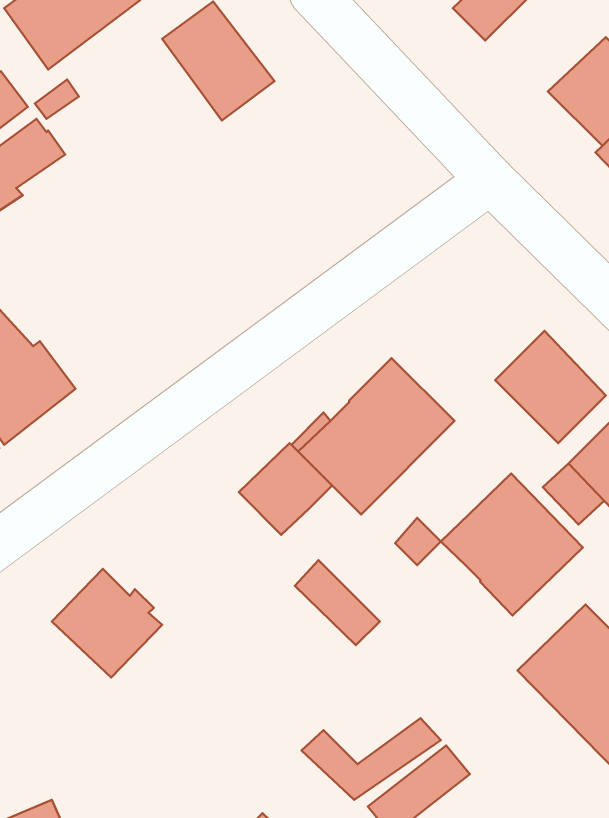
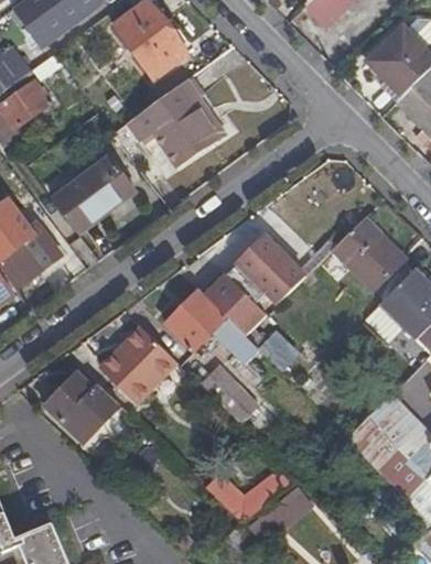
building: none -> [126,80,224,167]
building: none -> [53,155,137,232]
building: [441,474,583,615] -> none
building: none -> [212,317,258,365]
building: none -> [101,326,176,400]

